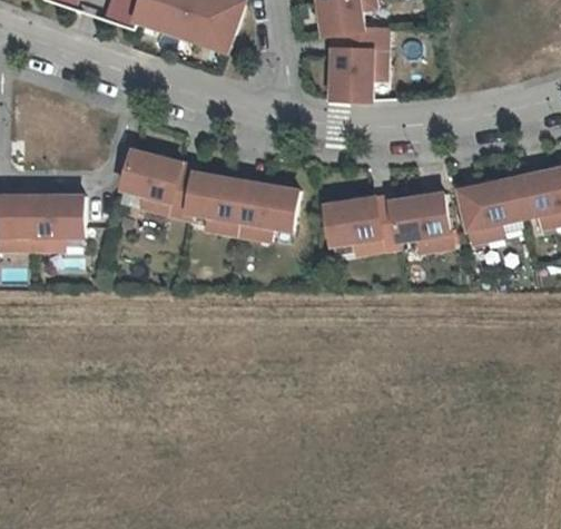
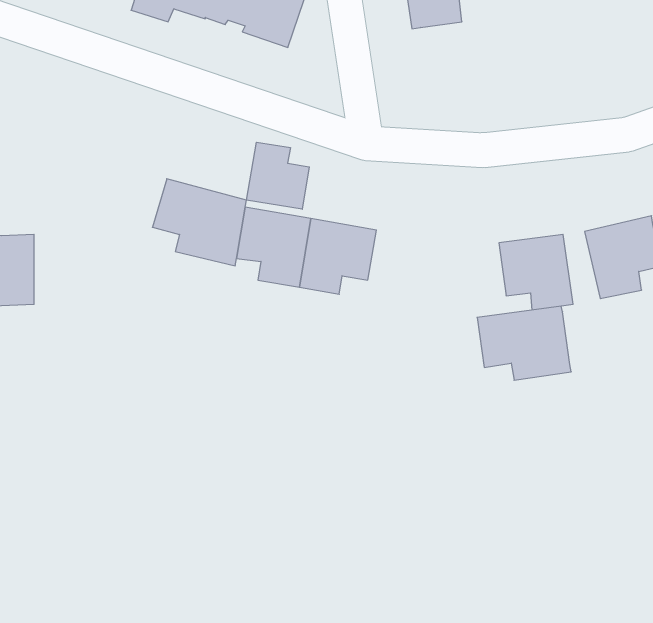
building: [331,28,386,98] -> none
building: none -> [247,142,309,209]
building: [29,194,81,248] -> none
building: [325,196,398,254] -> [477,306,571,380]

